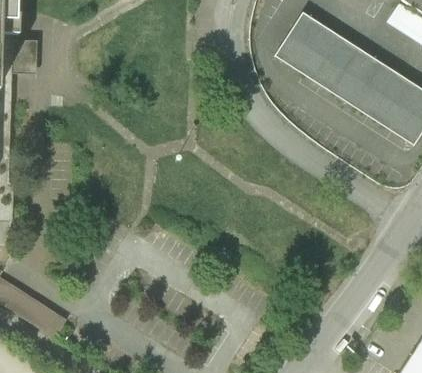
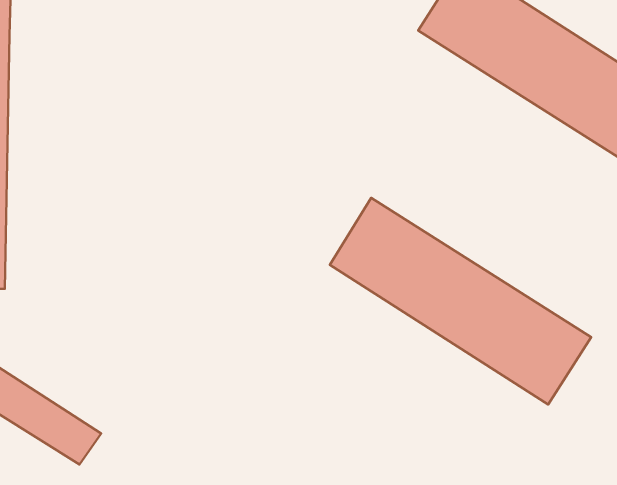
building: none -> [330,198,591,405]

